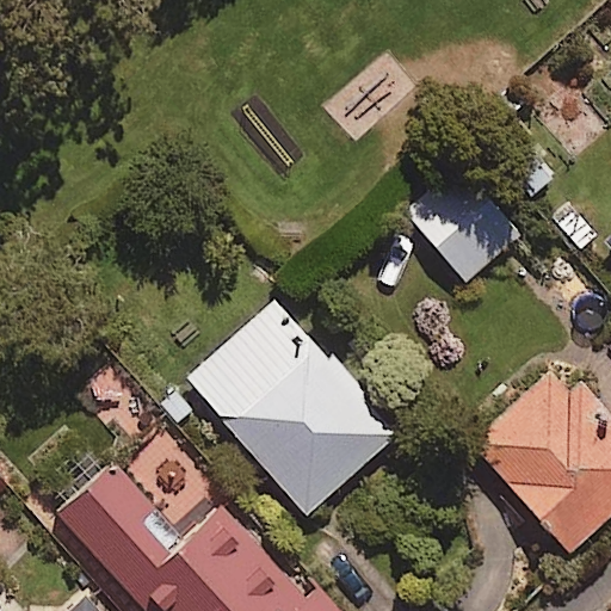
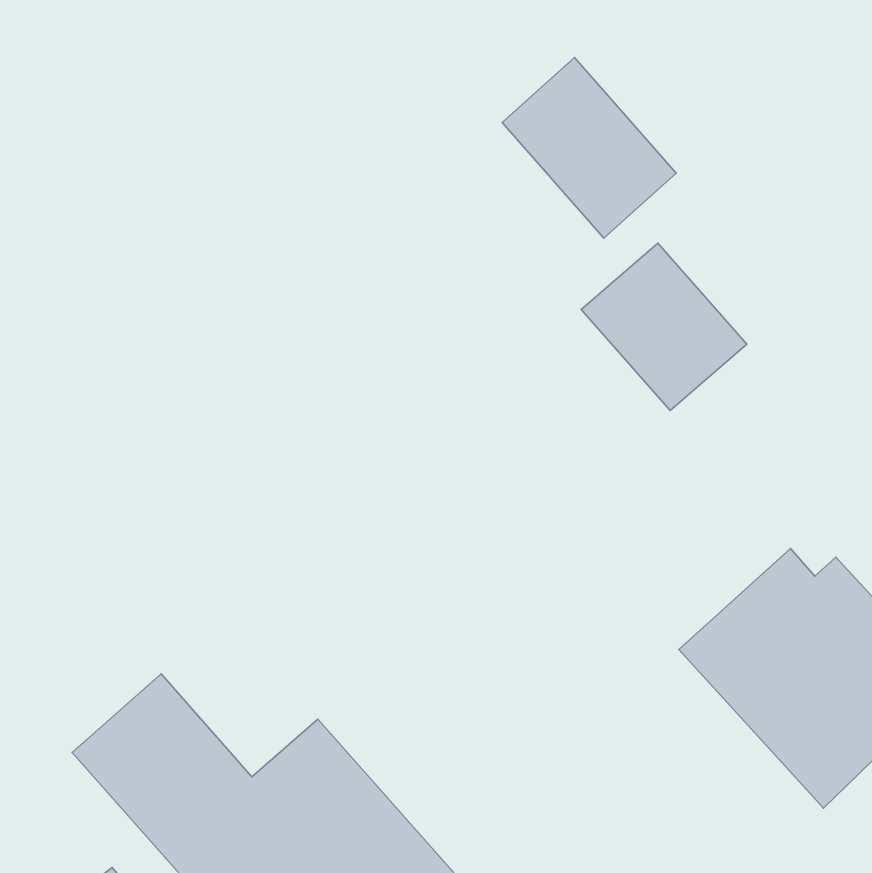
building: none -> [502,57,676,238]
building: [186,302,395,516] -> none

